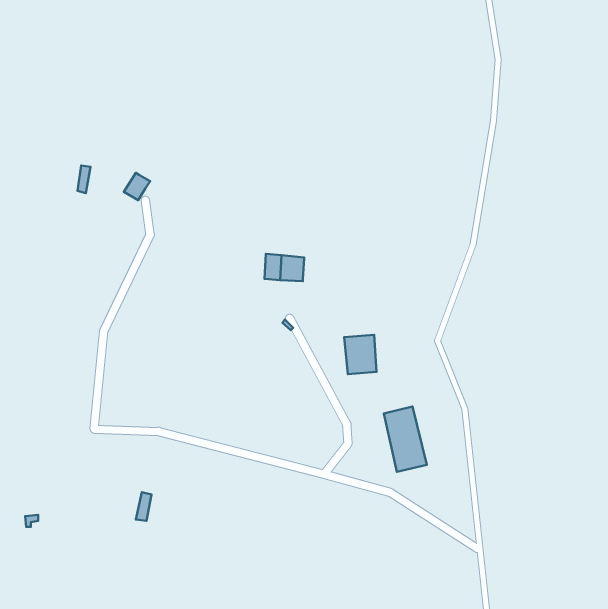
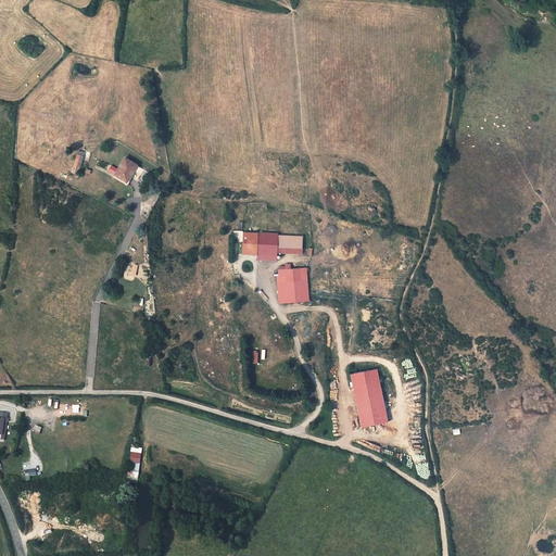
building: none -> [276,236,302,255]
building: [344,335,377,374] -> [278,268,307,304]

